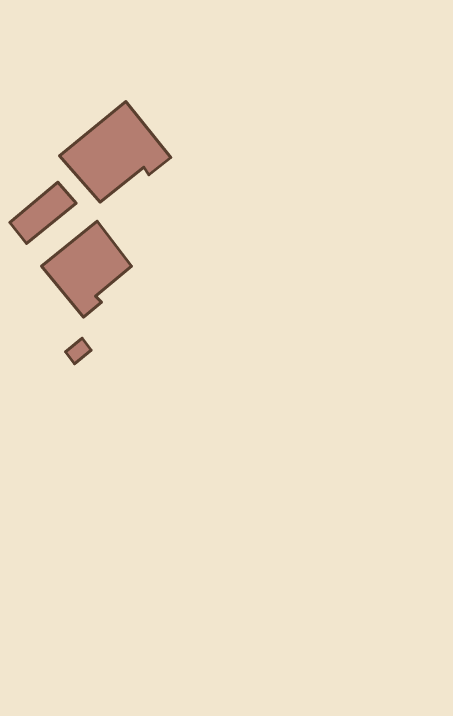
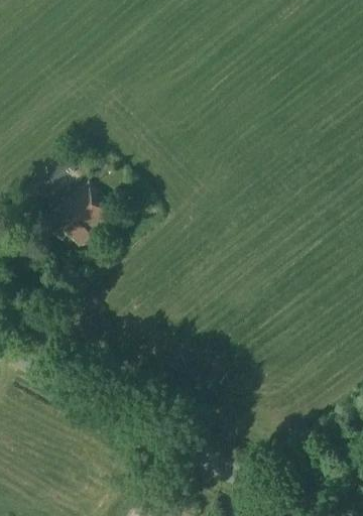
building: [60,101,171,202] -> none

